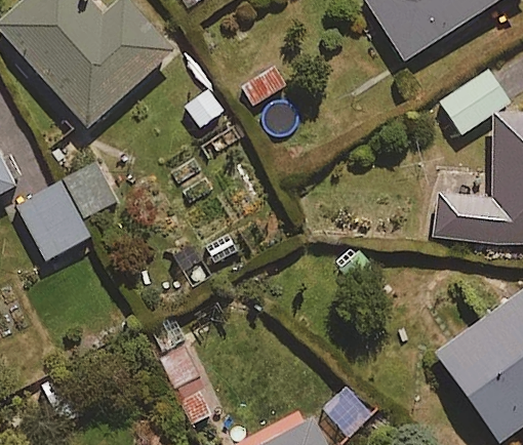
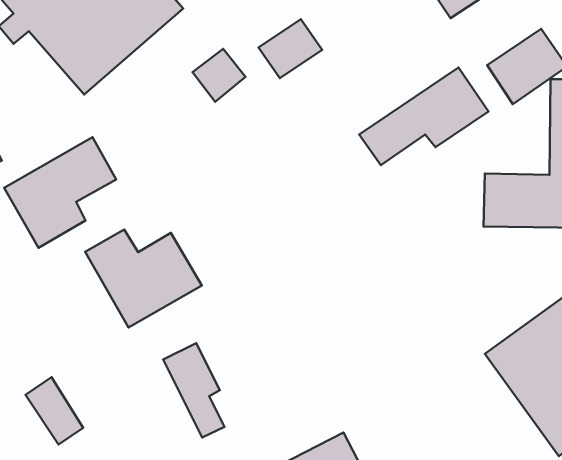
building: none -> [359,68,489,165]
building: none -> [85,230,202,328]

